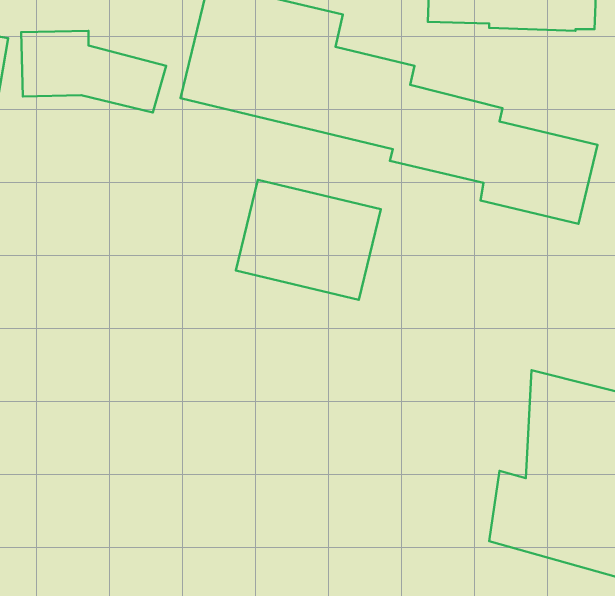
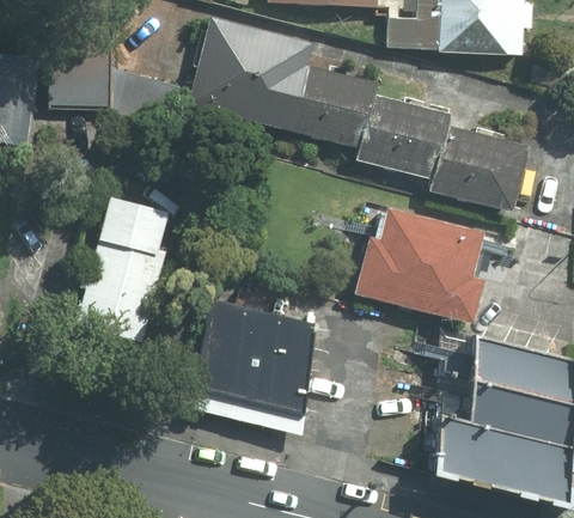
building: [236,180,381,300] -> [360,215,478,313]
building: none -> [77,199,164,340]
building: none -> [194,287,313,435]

